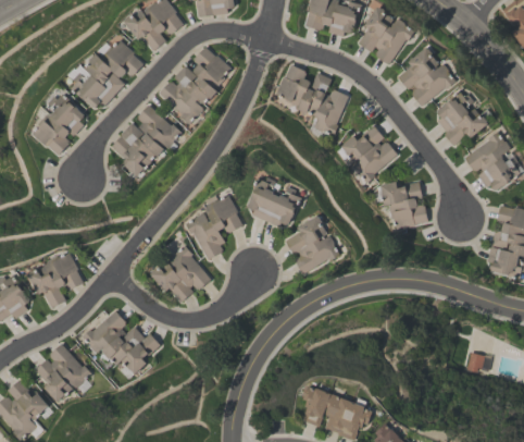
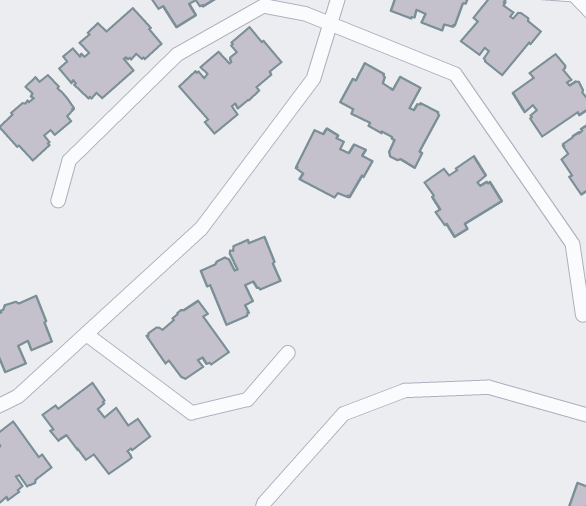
building: [111,105,180,177] -> none
building: [249,176,303,225] -> [296,128,372,197]
building: [379,181,427,231] -> none
building: [285,214,339,274] -> none

